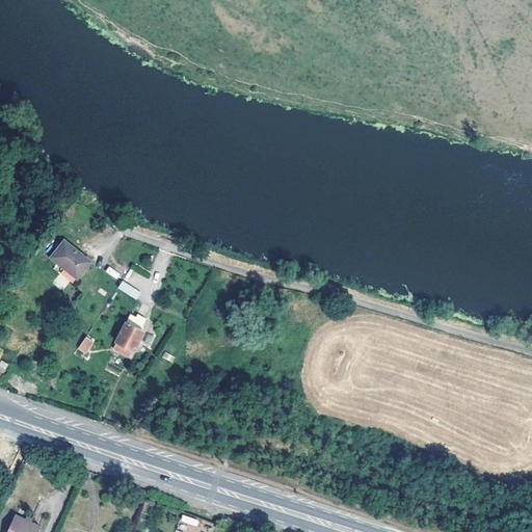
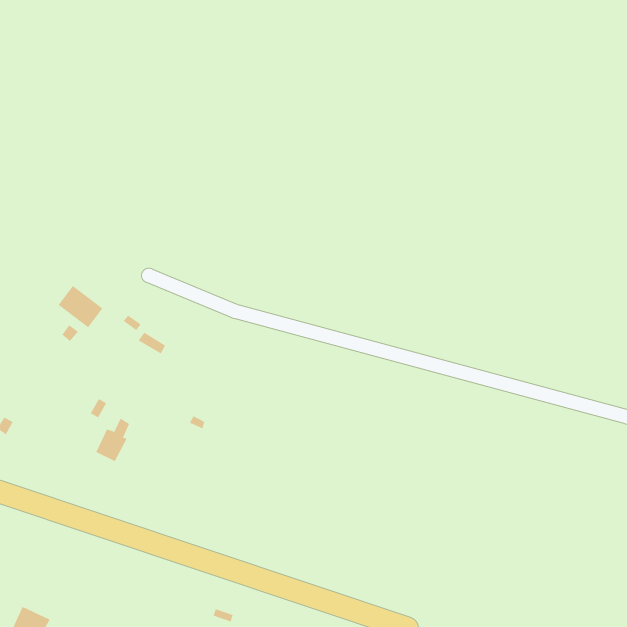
building: [115,313,144,350] -> [95,418,130,462]

